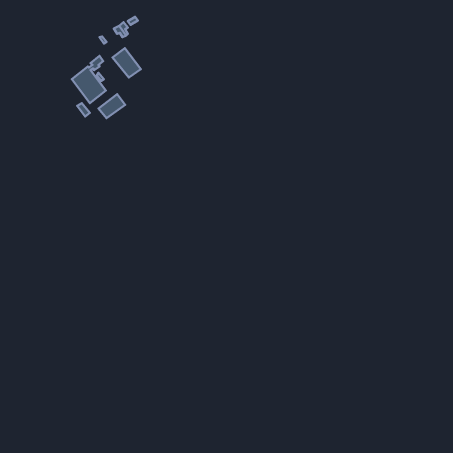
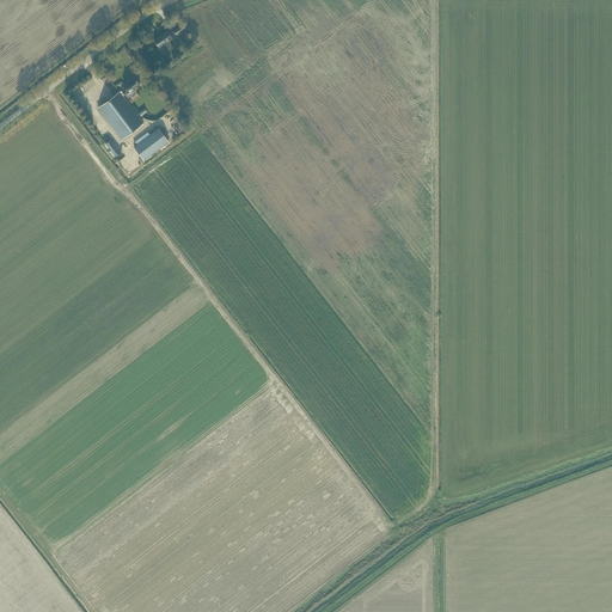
building: [113,48,141,78] -> none

